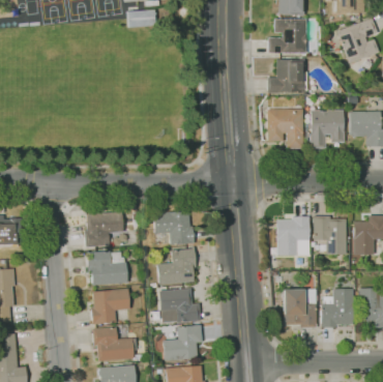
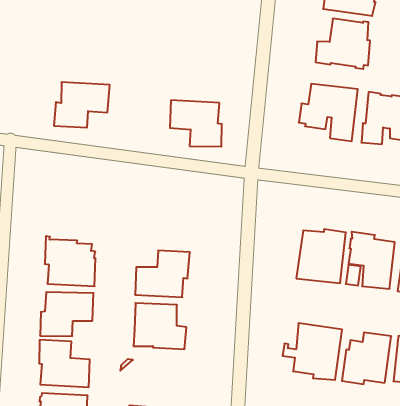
building: [152,210,195,245] -> [170,100,222,146]
building: [84,211,123,247] -> [54,82,110,128]
building: [163,324,202,360] -> none

